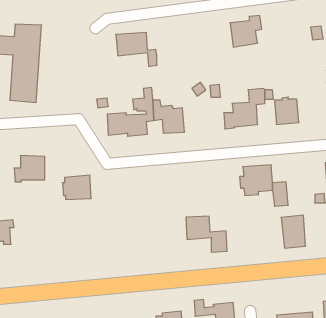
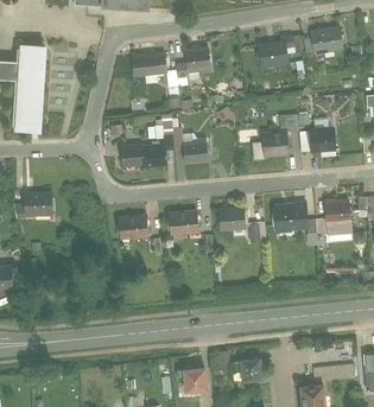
building: none -> [303,24,343,57]
building: none -> [175,46,211,78]
building: none -> [165,210,198,236]
building: [62,175,91,200] -> [115,214,147,241]
building: [281,215,306,248] -> [323,199,350,236]
building: [186,216,227,252] -> [218,206,265,247]

